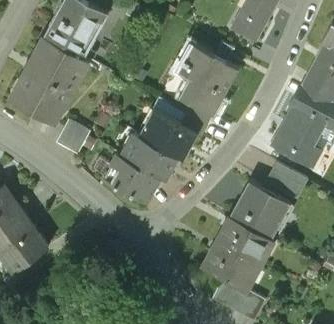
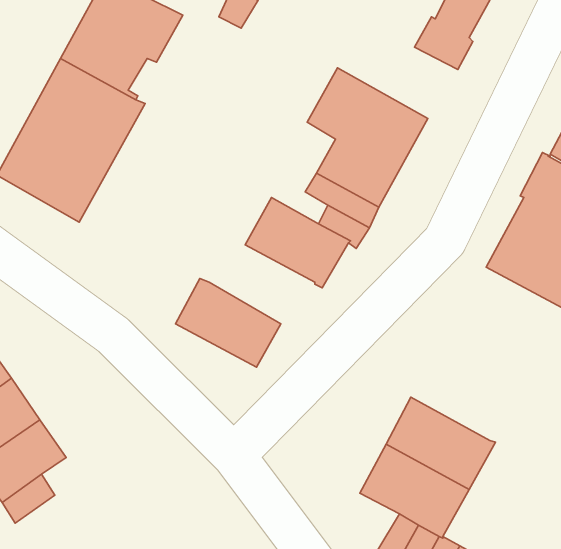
building: [58,119,90,152] -> none
building: [122,132,178,179] -> none
building: [269,166,301,197] -> none
building: [229,182,290,239] -> none

